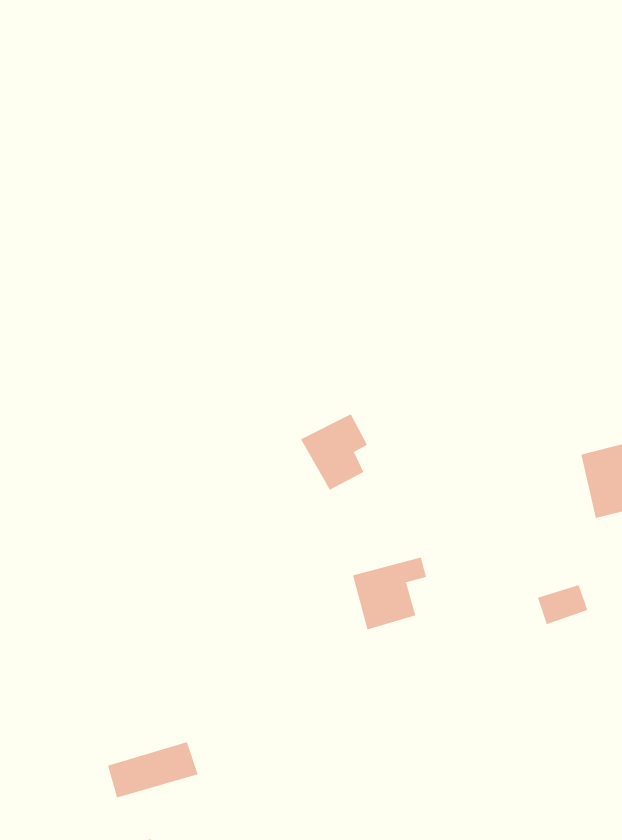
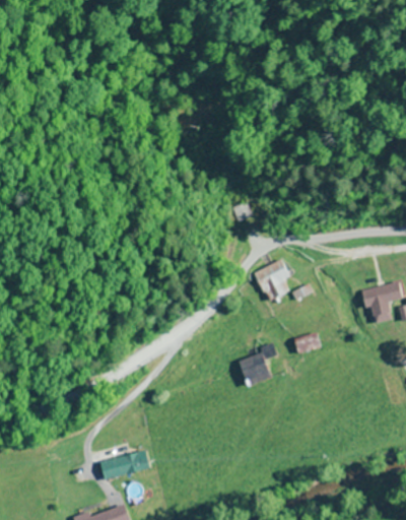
building: [300,414,368,490] -> [253,259,290,302]
building: [537,585,588,625] -> [292,333,321,355]

